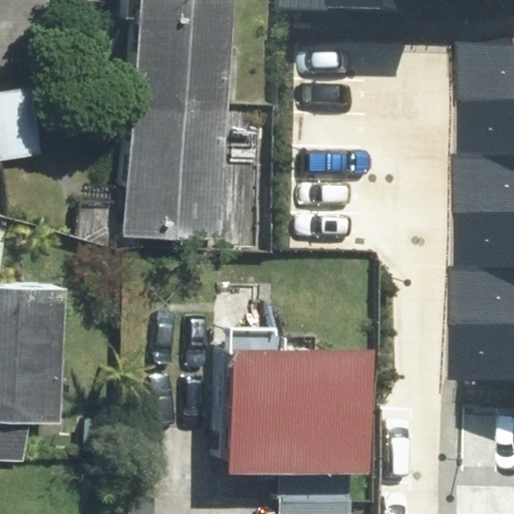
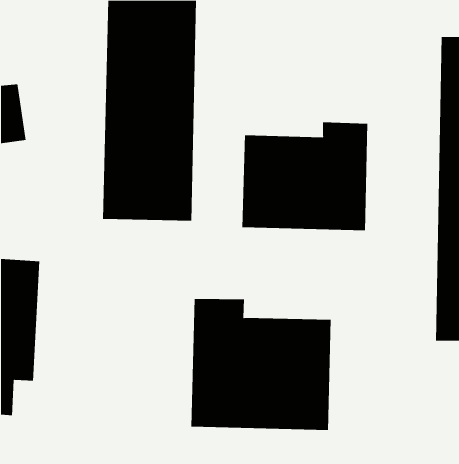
building: none -> [242,121,368,231]

